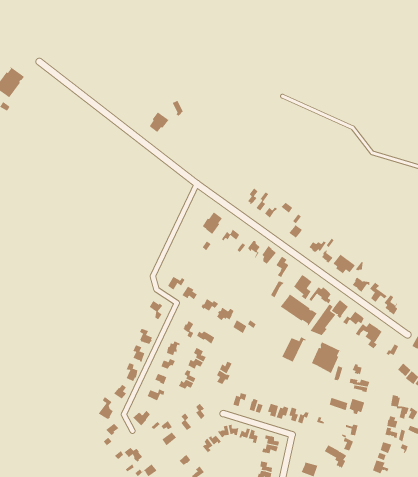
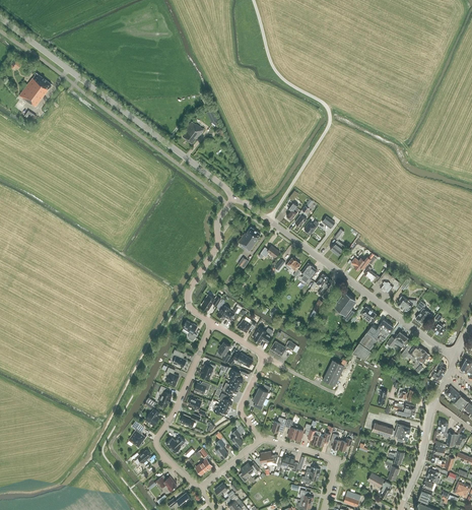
building: [280,294,317,326] -> none
building: [311,341,342,374] -> none

